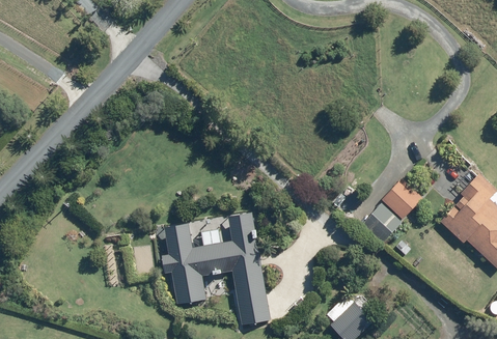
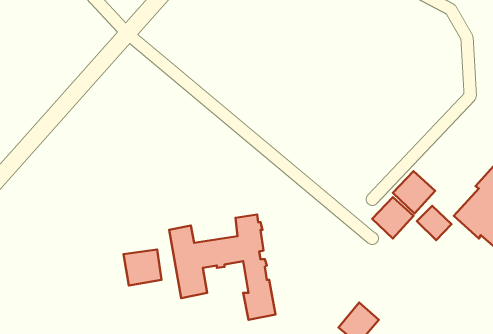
building: none -> [417,206,452,240]
building: none -> [124,249,161,285]

